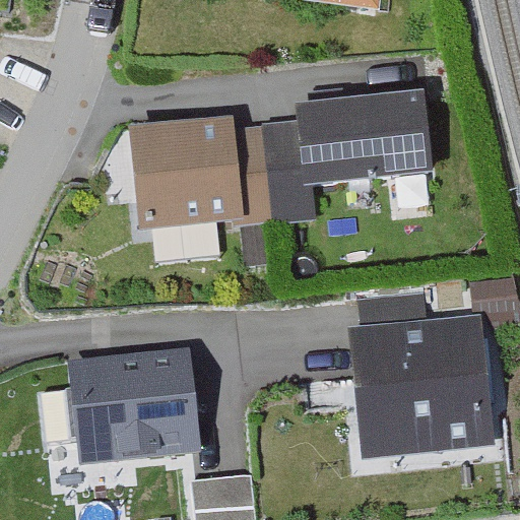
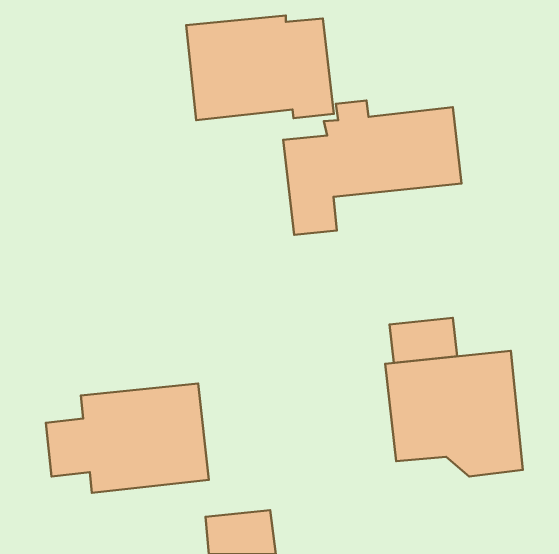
building: [136,127,273,224] -> [186,15,334,120]

